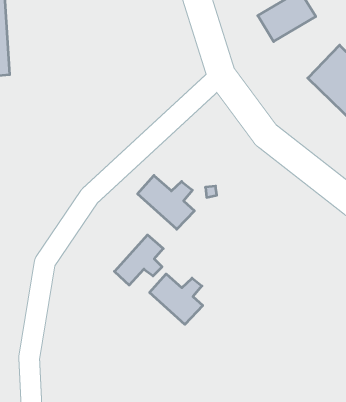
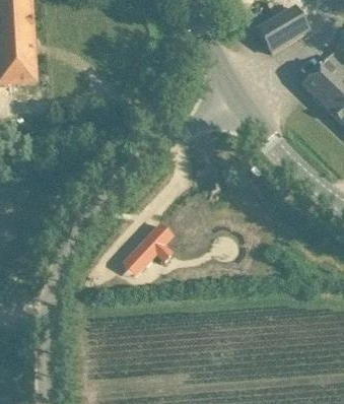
building: [138,175,194,229] -> none
building: [150,274,203,324] -> none

